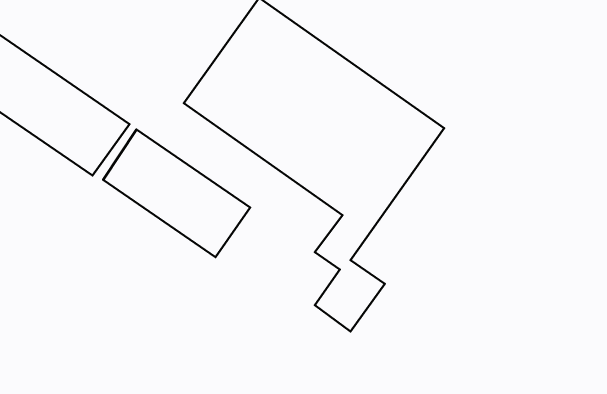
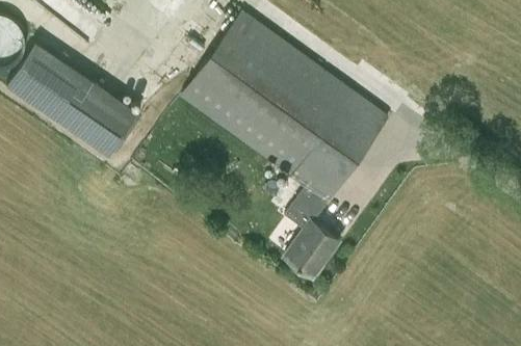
building: [103,130,250,257] -> none

